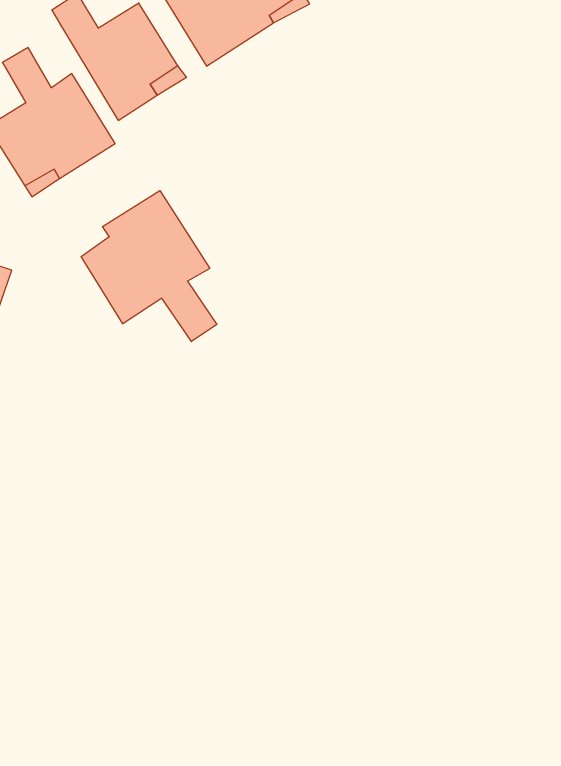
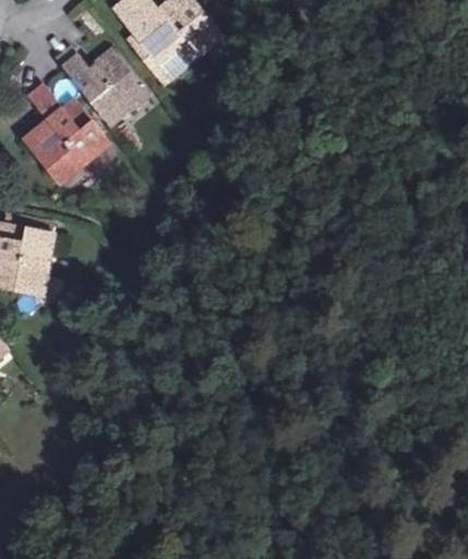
building: [81,191,217,342] -> none

